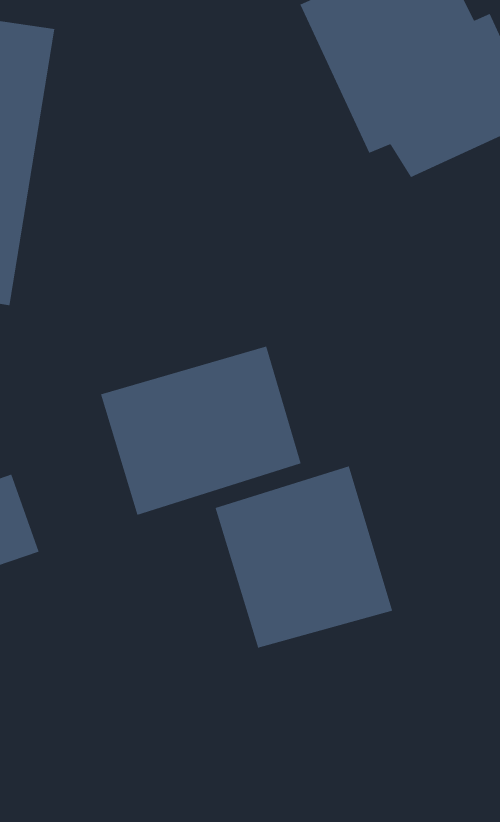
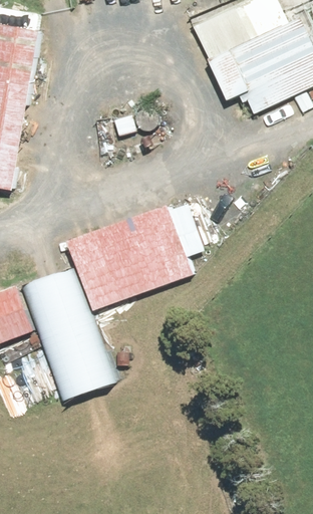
building: none -> [21,266,109,403]
building: [215,466,393,648] -> none

